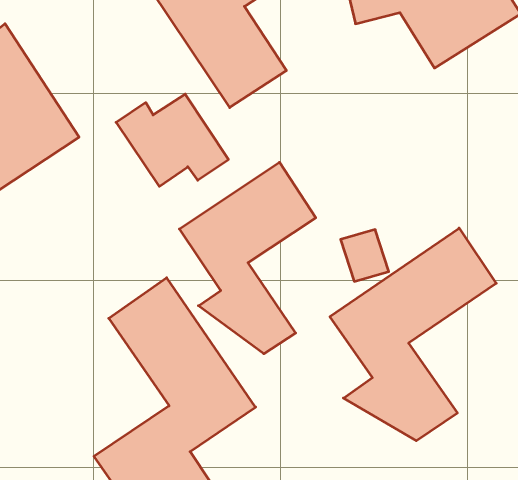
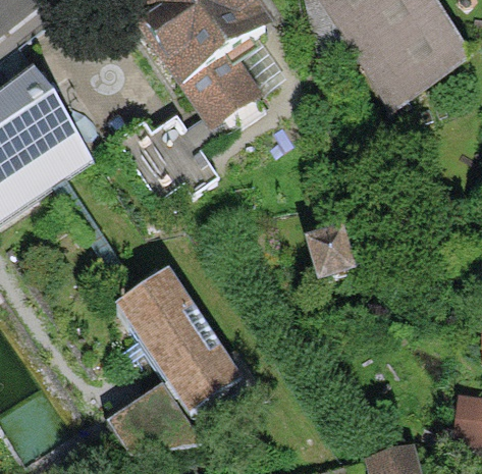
building: [179,162,316,354] -> none
building: [330,228,496,441] -> none

